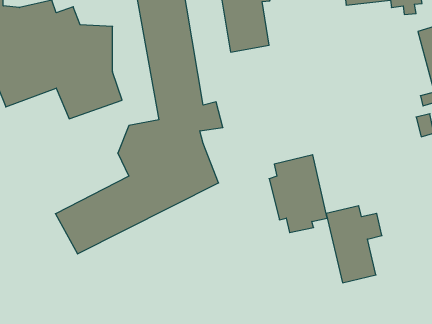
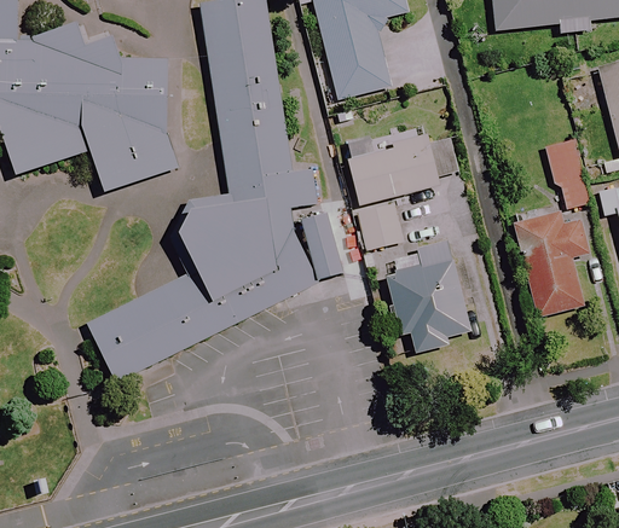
building: none -> [345,129,440,249]
building: none -> [544,137,592,208]
building: none -> [296,209,346,280]
building: [326,206,382,283] -> [514,208,592,317]

